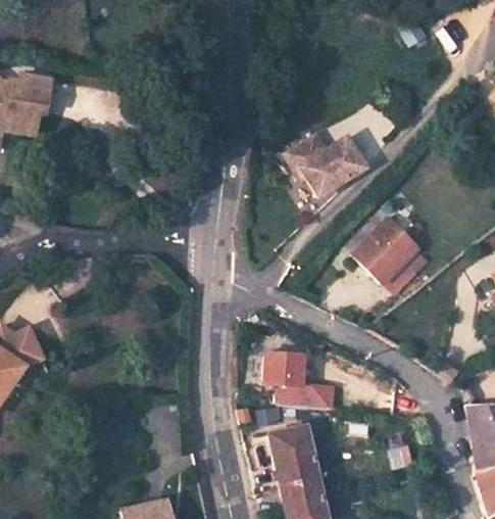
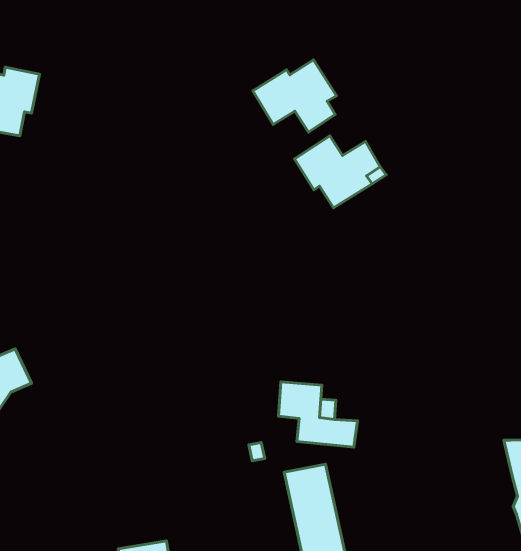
building: none -> [253,60,337,132]
building: [352,225,413,286] -> none

